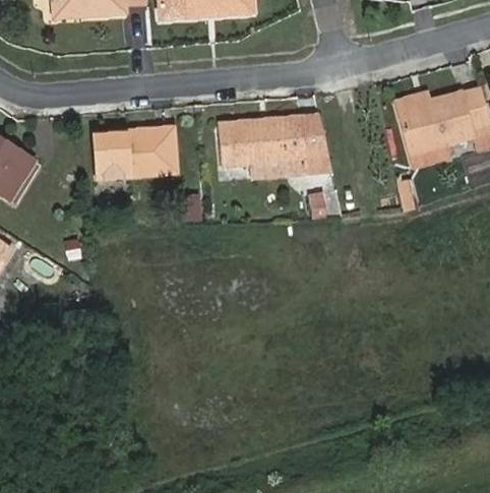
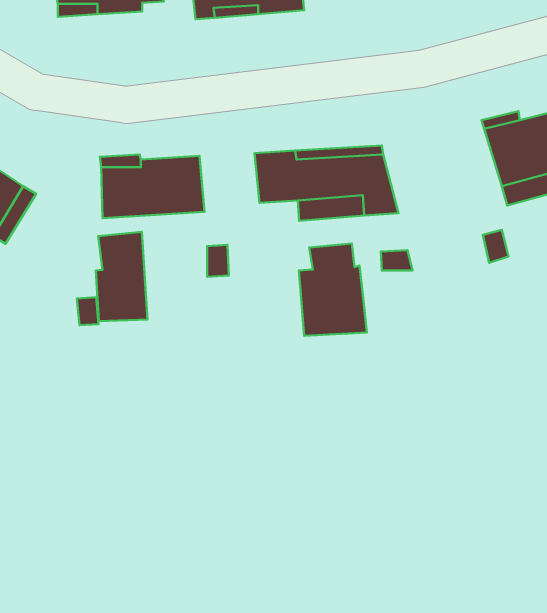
building: none -> [96,232,147,321]
building: none -> [299,244,367,336]

